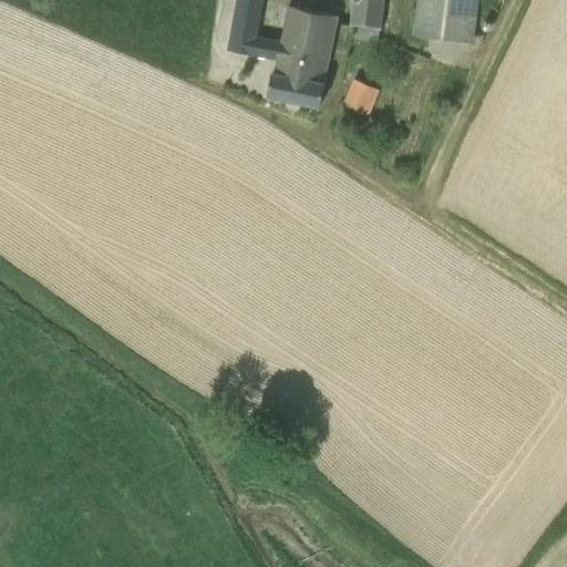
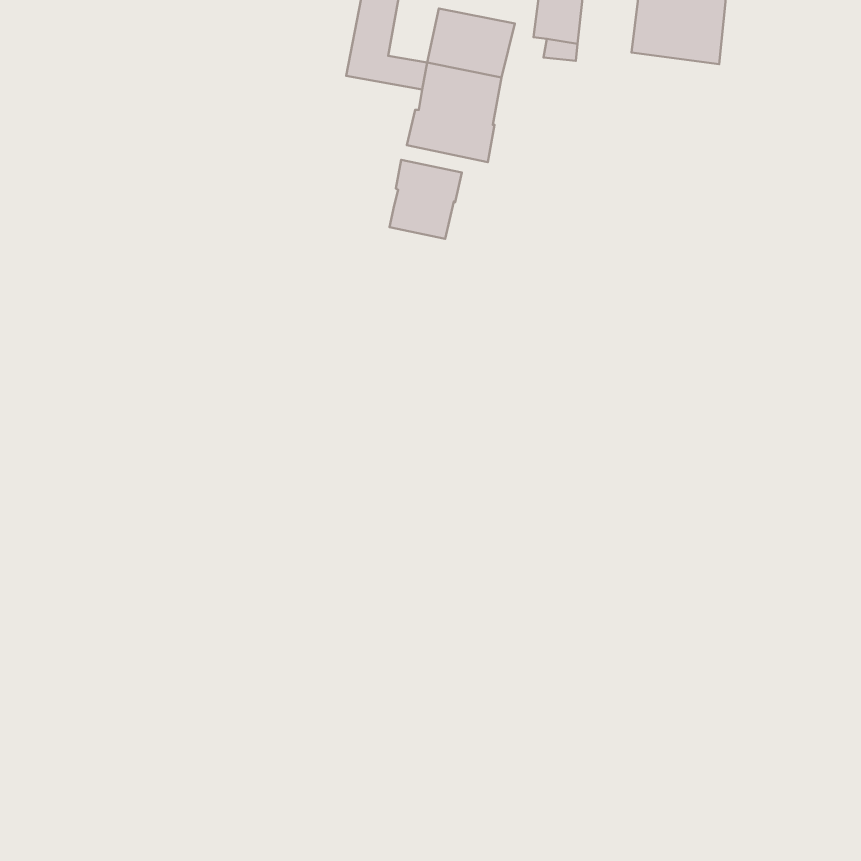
building: [344,80,379,115] -> none
building: none -> [389,160,462,239]

